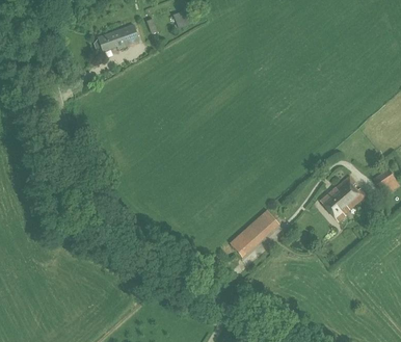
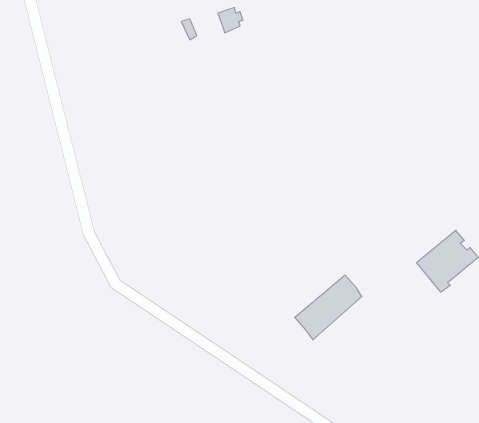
building: [93,25,138,52] -> none

